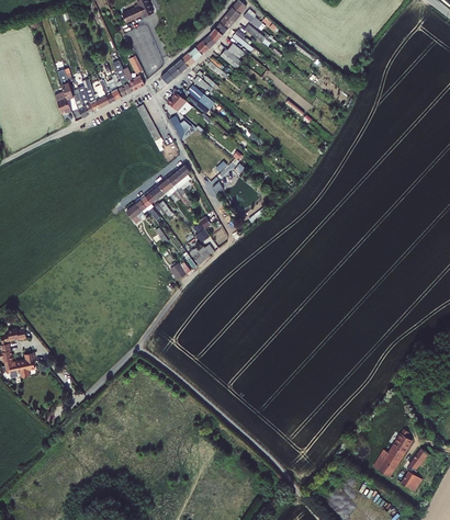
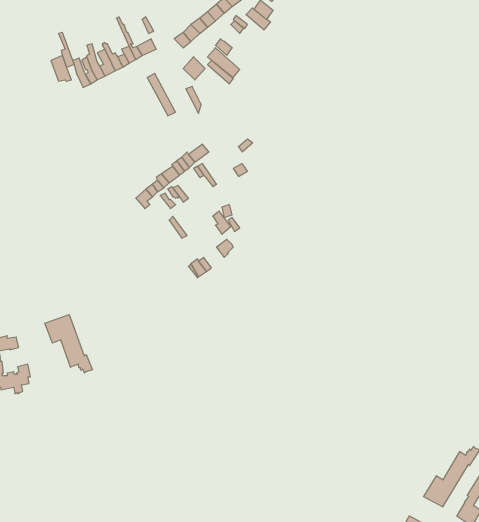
building: none -> [45,315,93,373]

